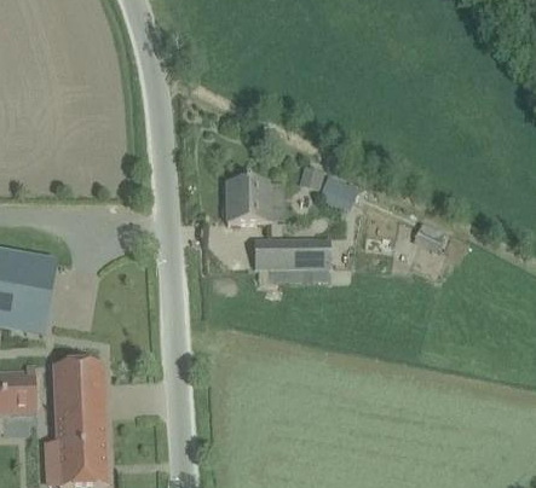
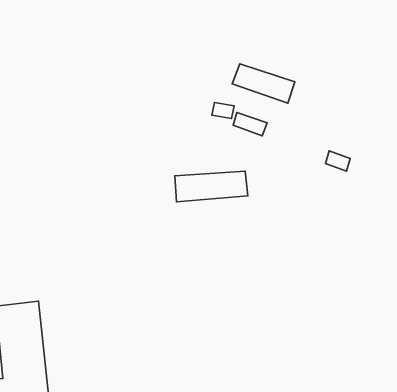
building: none -> [232,64,295,103]
building: [227,181,269,223] -> none

